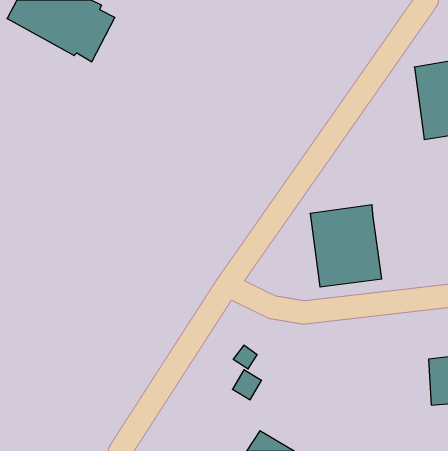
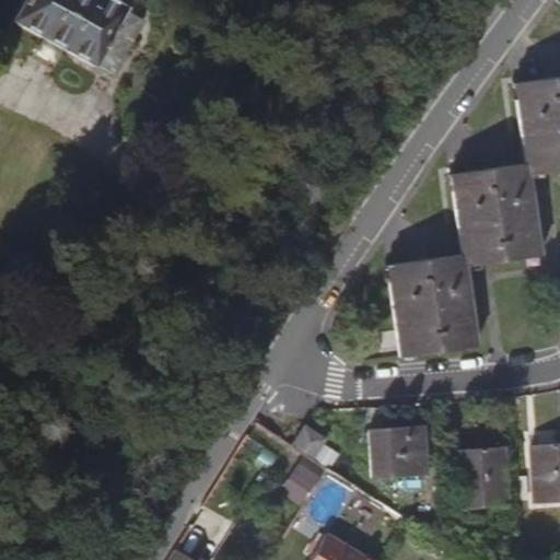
building: none -> [454,163,541,266]
building: none -> [370,424,429,477]
building: none -> [455,447,508,508]

